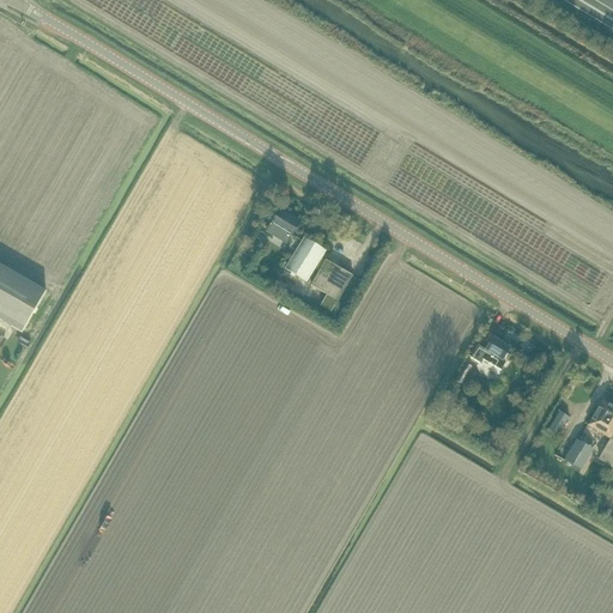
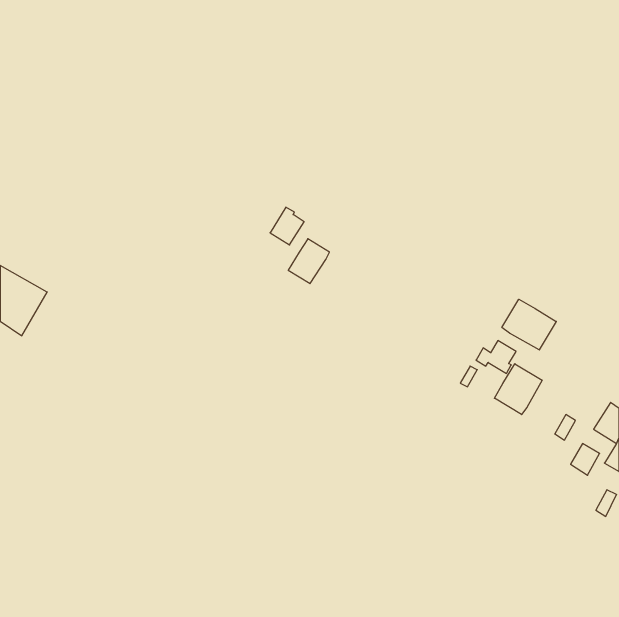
building: [310,259,352,310] -> none
building: none -> [502,299,556,350]
building: none -> [494,364,542,415]

